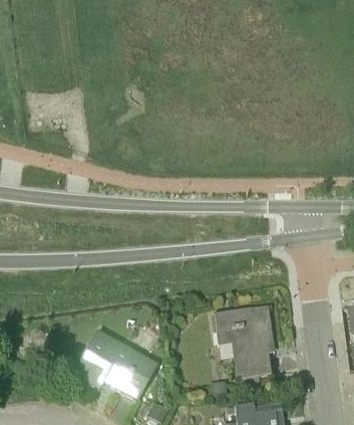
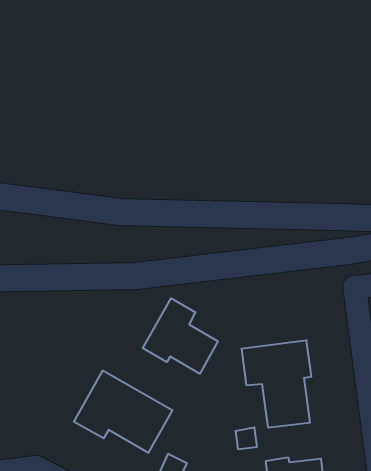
building: none -> [143,298,218,374]

